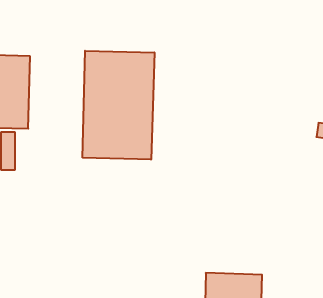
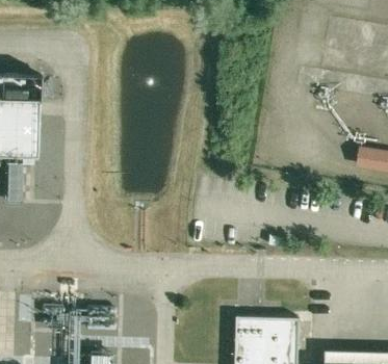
building: [83,51,154,160] -> none

